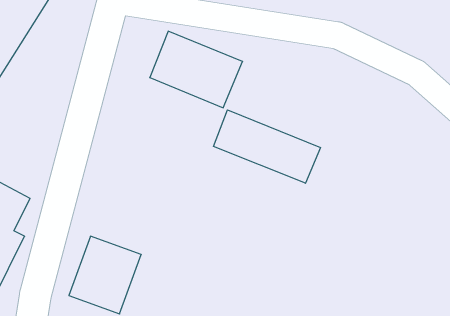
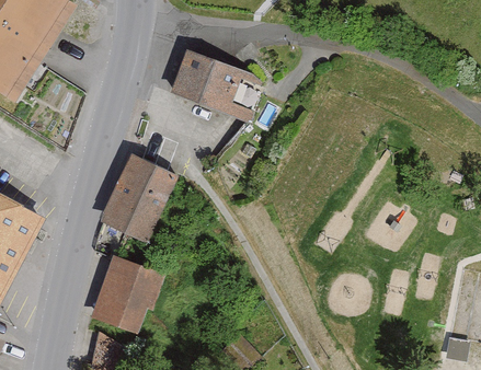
building: [213,110,320,183] -> none
building: none -> [96,154,174,242]

